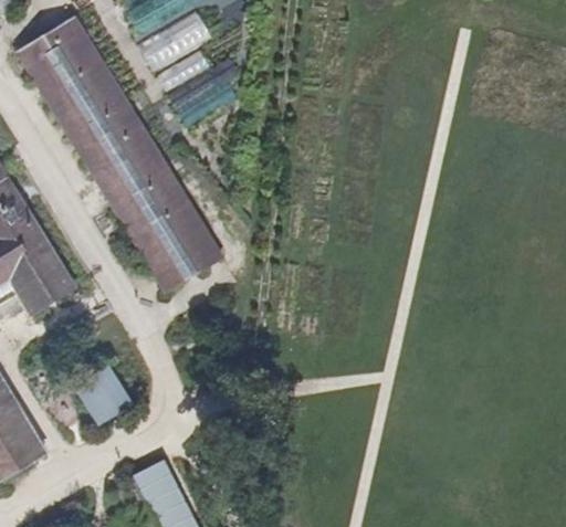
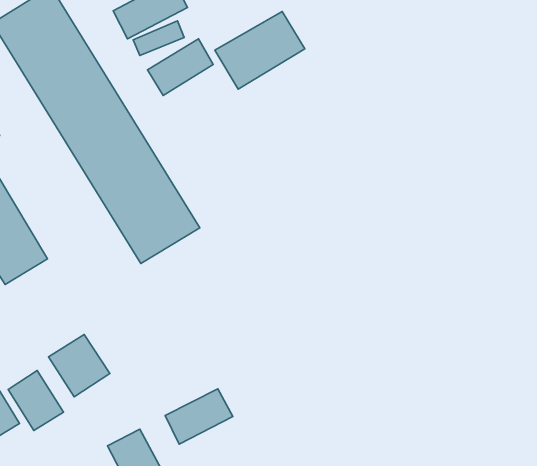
building: none -> [215,12,305,89]
building: none -> [8,371,64,430]
building: none -> [165,389,233,444]

